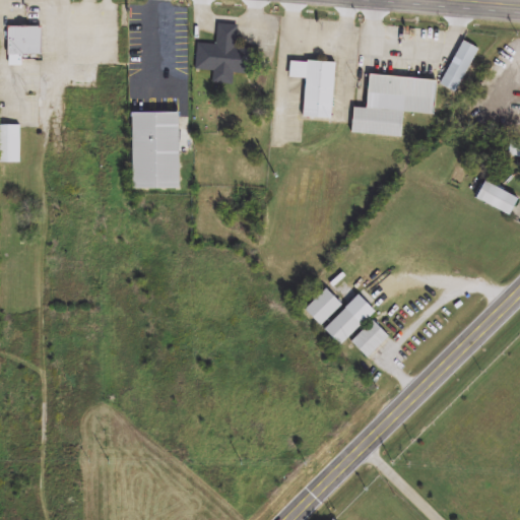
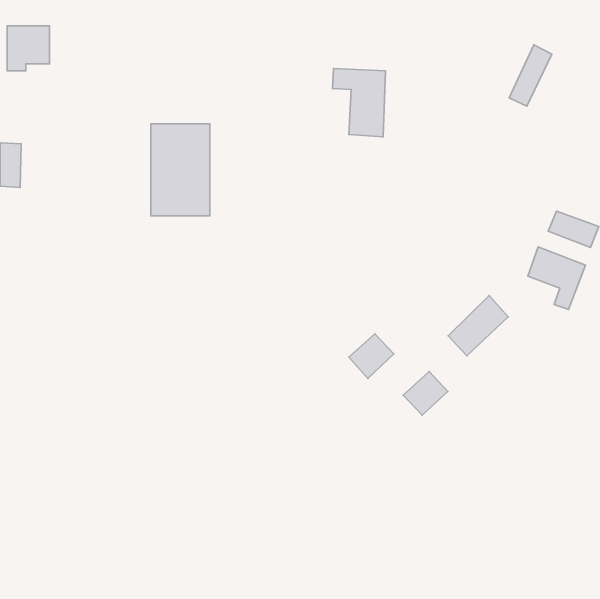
building: [196,22,255,82] -> none
building: [350,73,436,136] -> none
building: none -> [528,247,585,310]
building: [322,294,374,345] -> [448,296,508,356]

